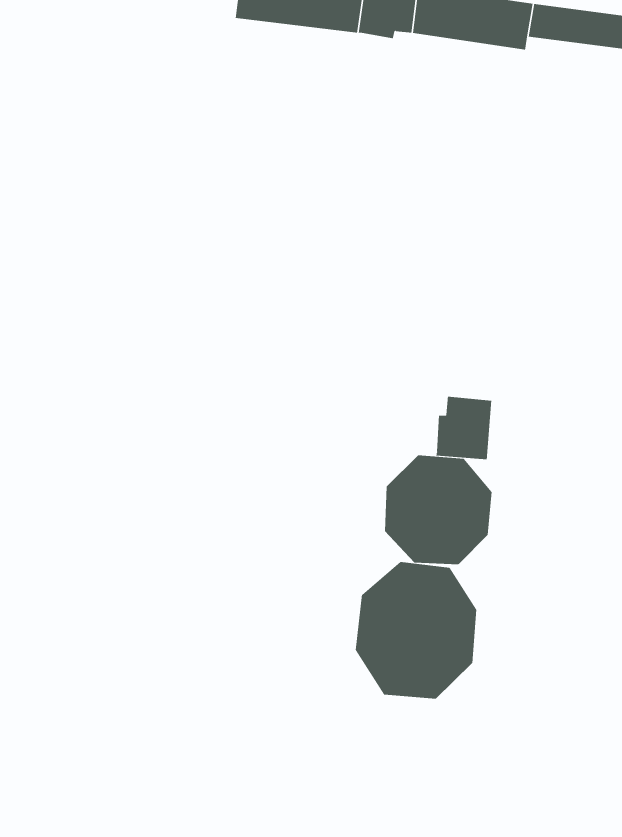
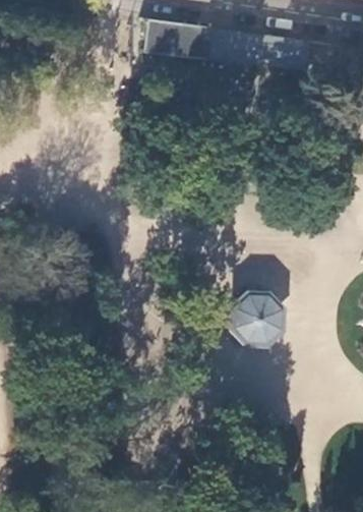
building: [436,396,492,460] -> none
building: [355,561,477,699] -> none

